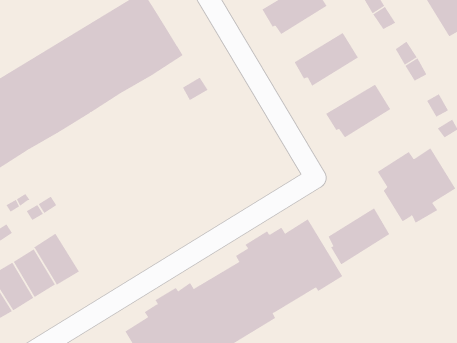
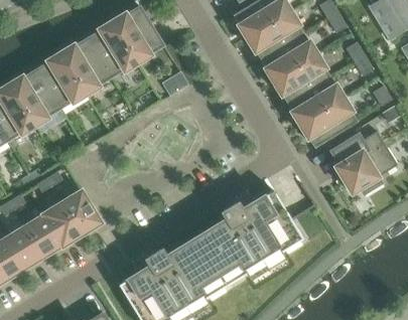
building: none -> [250,11,302,58]
building: none -> [276,54,329,102]
building: [328,208,390,265] -> [303,98,356,146]
building: none -> [61,190,101,233]

